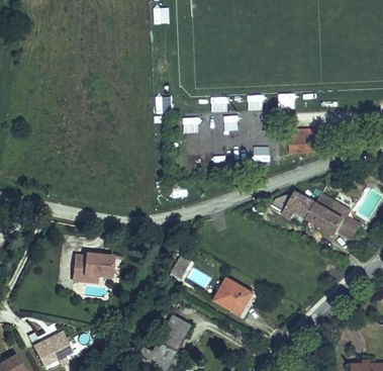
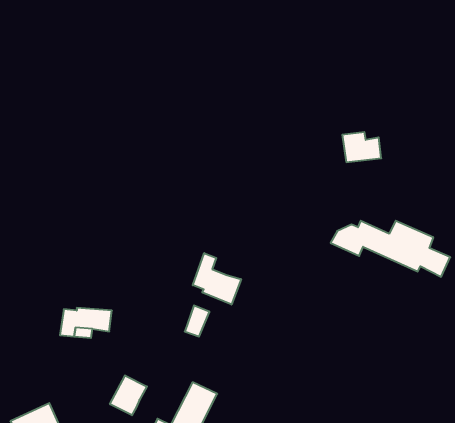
building: none -> [193,253,241,305]
building: [213,280,250,313] -> none
building: none -> [110,375,147,415]

